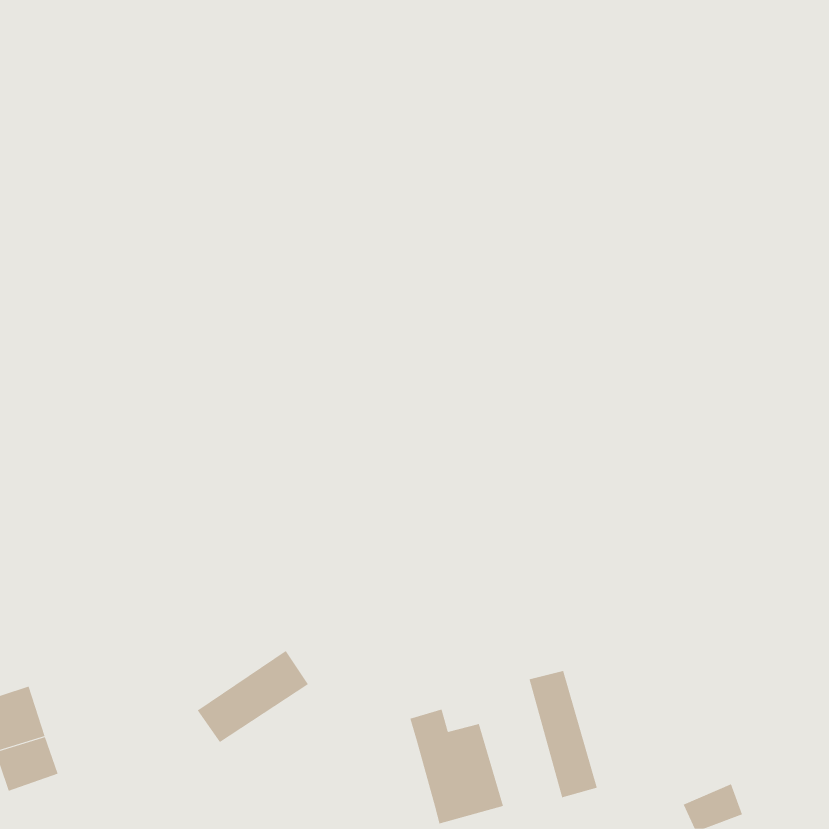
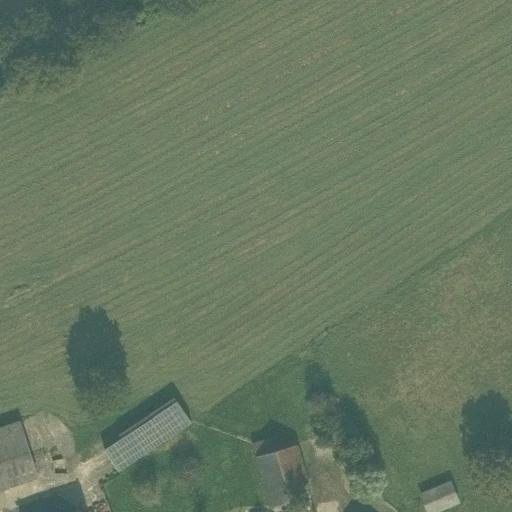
building: [529,670,597,798] -> none
building: none -> [103,437,135,469]

